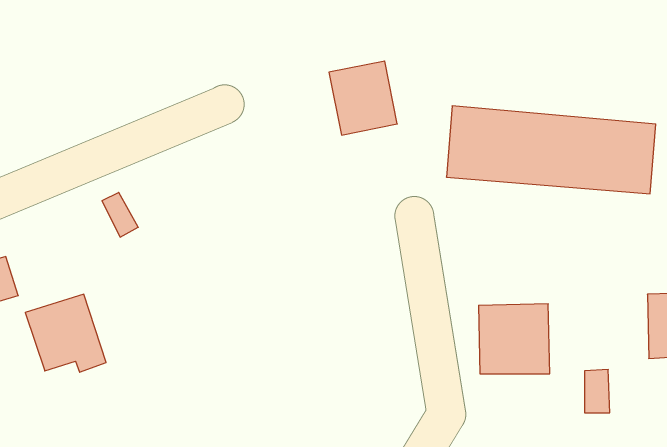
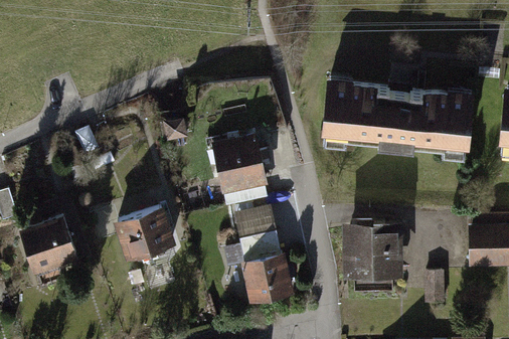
building: [329,61,397,135] -> [214,140,264,193]
building: none -> [223,208,294,303]
building: none -> [118,212,172,262]

